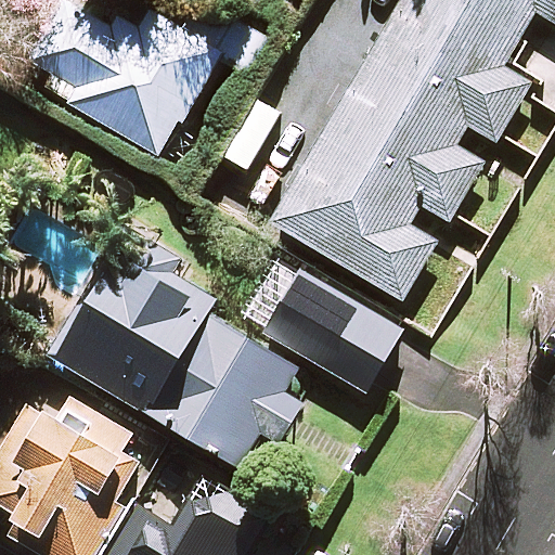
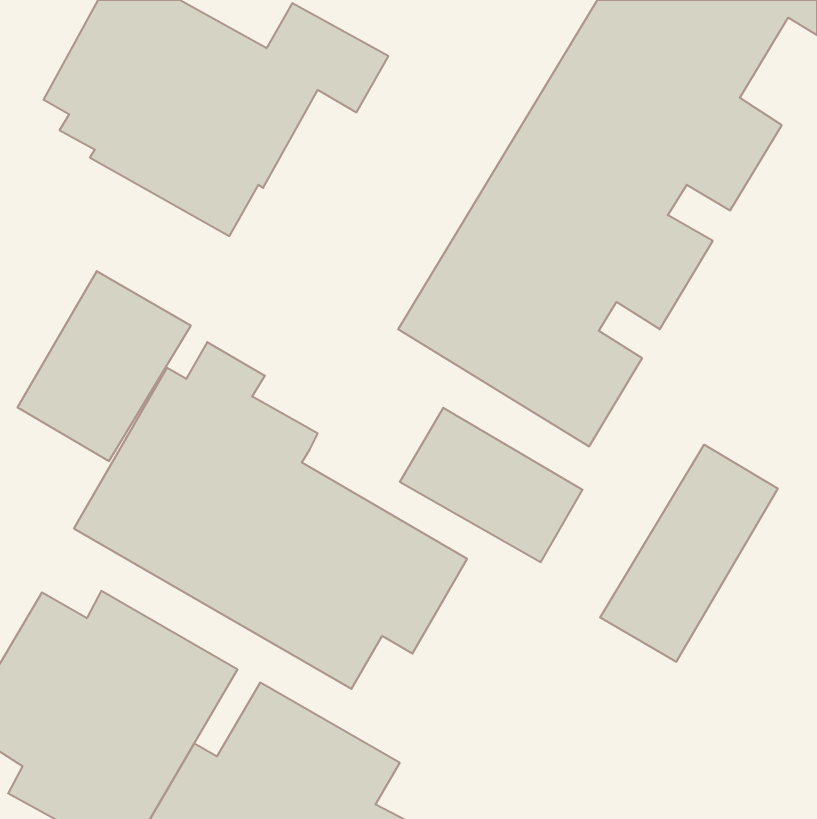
building: none -> [18,271,191,461]
building: none -> [600,445,778,662]

